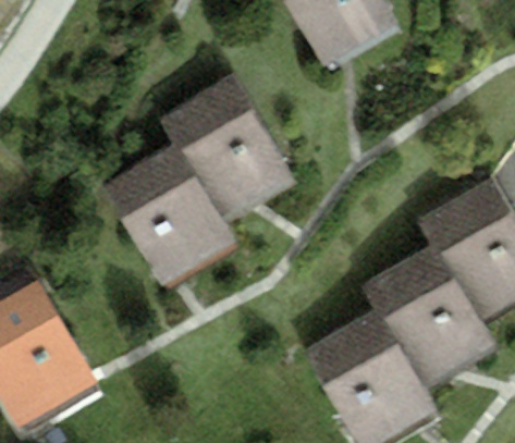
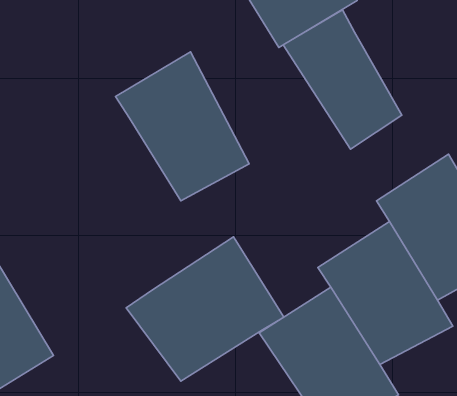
building: none -> [283,10,402,149]
building: [102,139,235,283] -> none
building: none -> [126,237,284,381]

